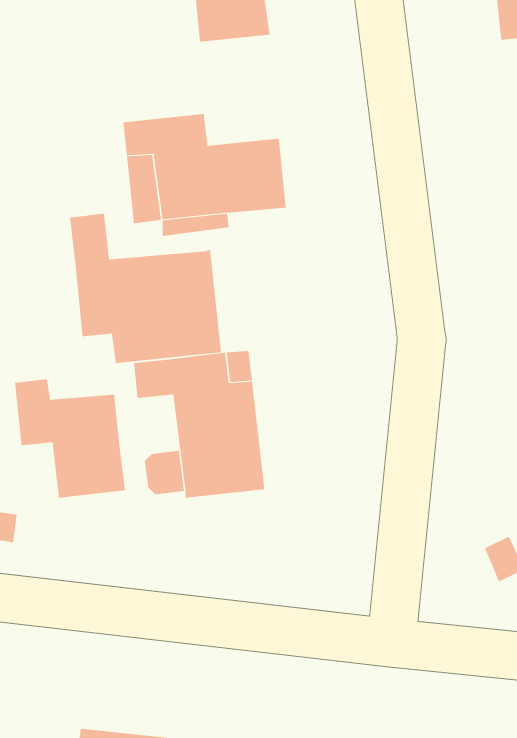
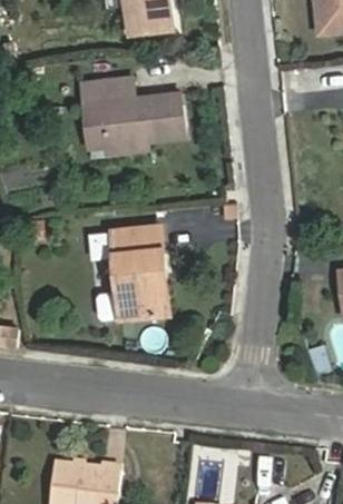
building: [69,213,222,364] -> none
building: [14,379,126,499] -> none

